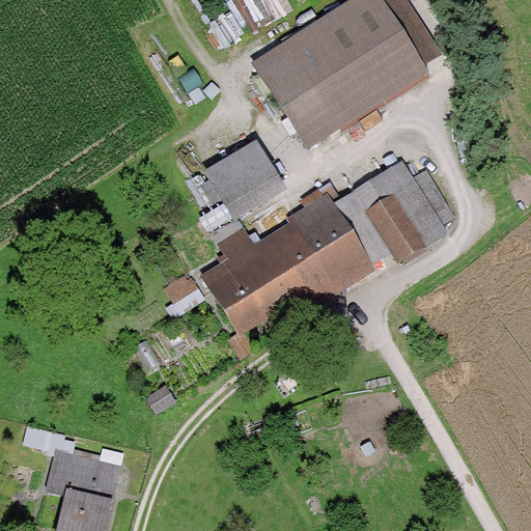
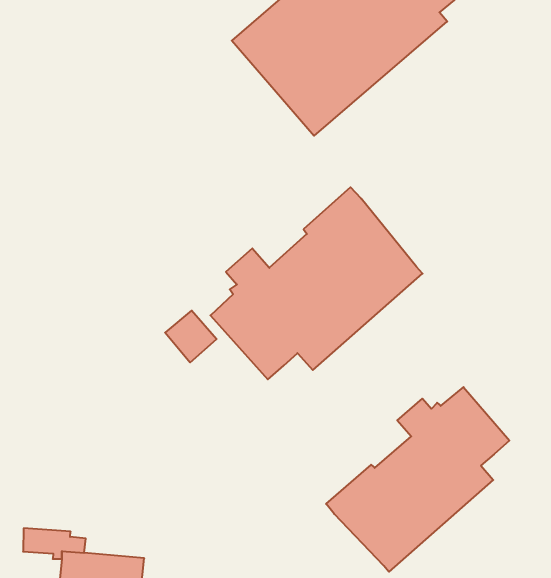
building: [203,139,284,220] -> none
building: [337,155,454,263] -> none
building: none -> [326,387,509,572]

